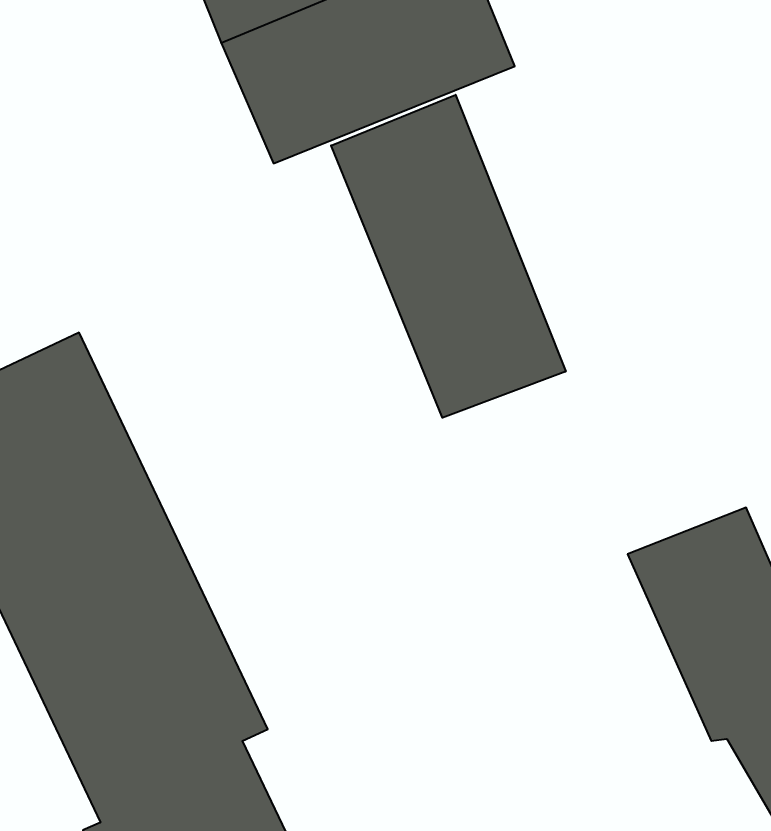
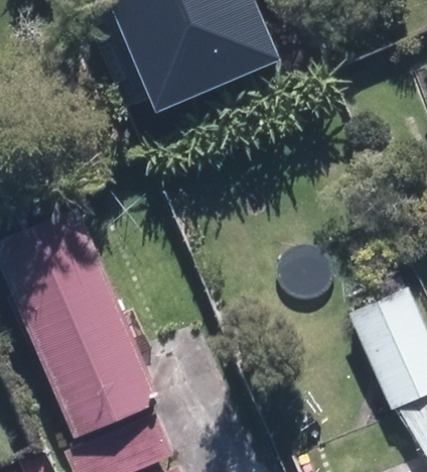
building: [331,95,566,418] -> none

